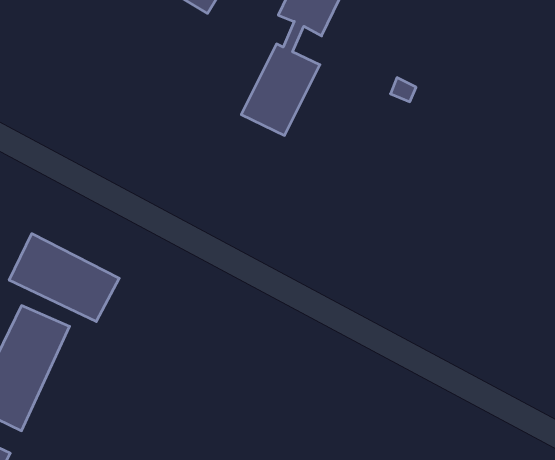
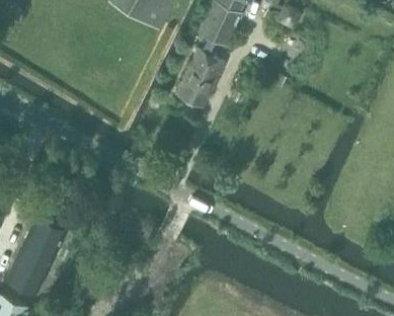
building: [9,234,119,322] -> none

